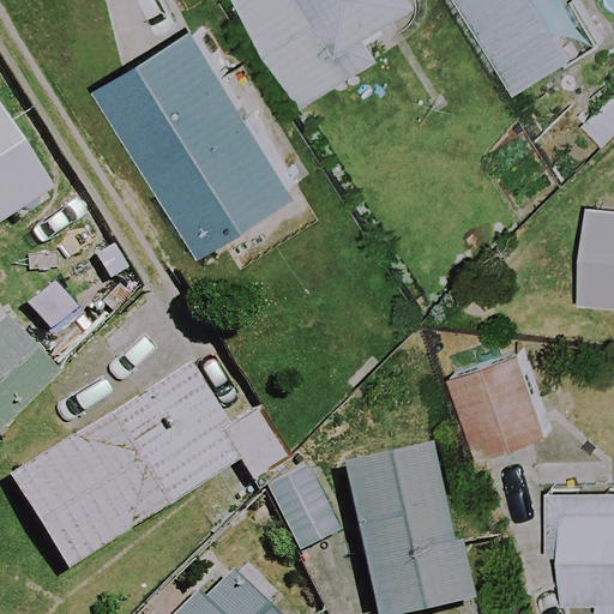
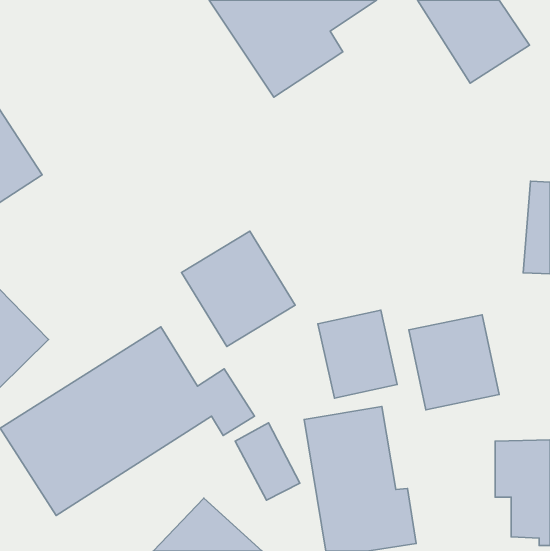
building: [104,28,308,252] -> none
building: none -> [181,231,295,346]
building: none -> [318,310,397,398]

